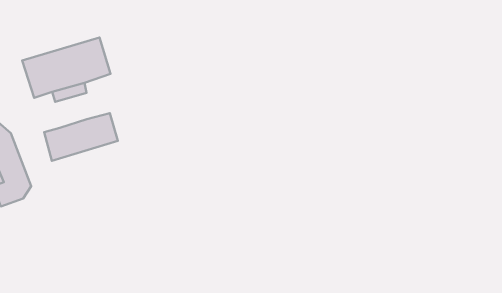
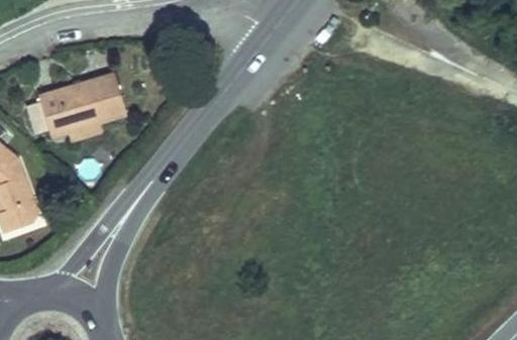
building: [44,113,118,161] -> none

